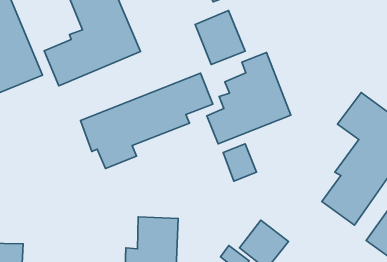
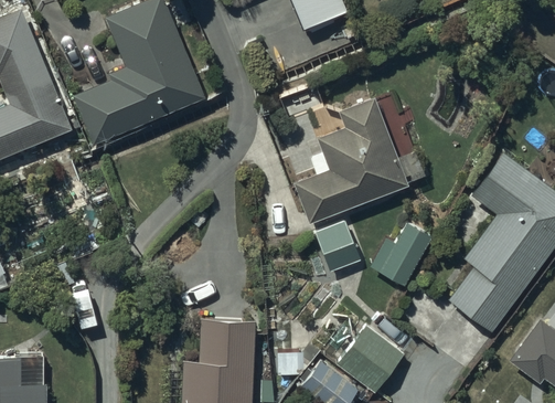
building: [195,11,245,65] -> none
building: [80,73,213,168] -> none
building: none -> [370,223,434,286]

